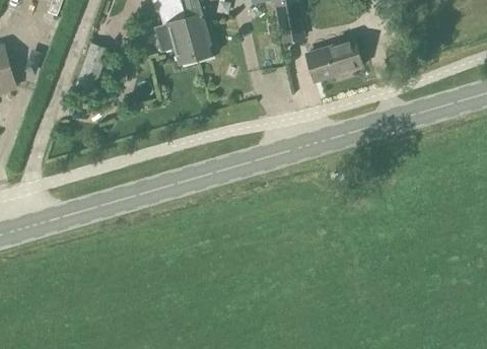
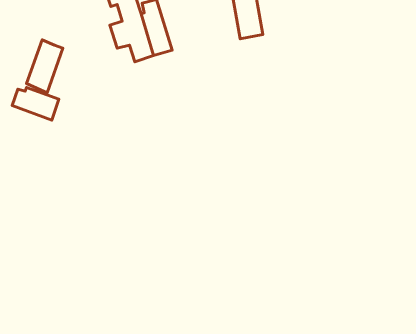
building: [305,36,362,78] -> none
building: none -> [12,88,59,120]

